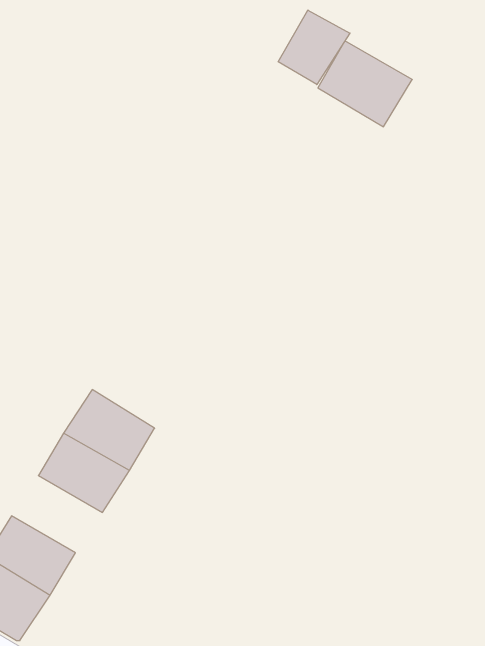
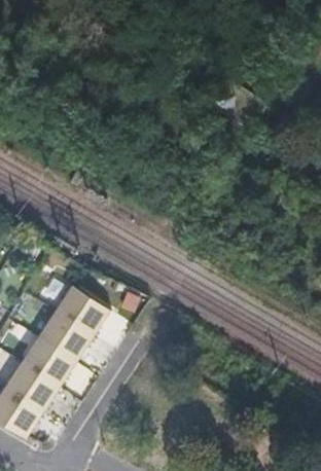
building: [278,10,350,85] -> none
building: none -> [23,337,78,385]

